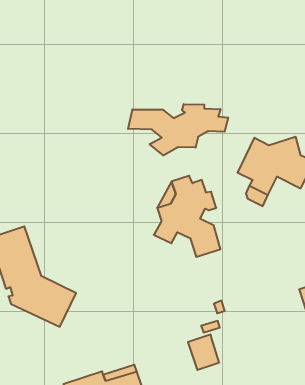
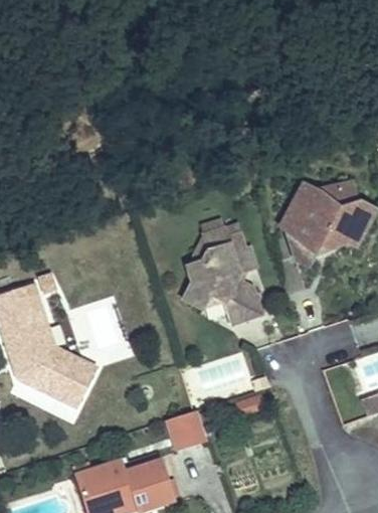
building: [128,104,228,155] -> none
building: [188,335,219,370] -> [166,408,203,451]

